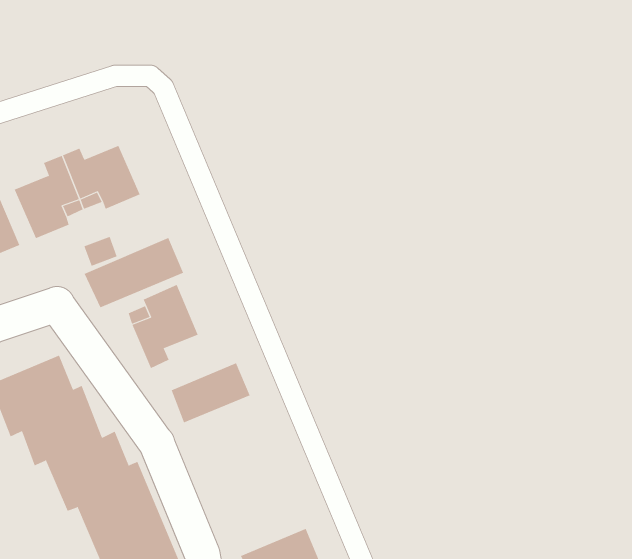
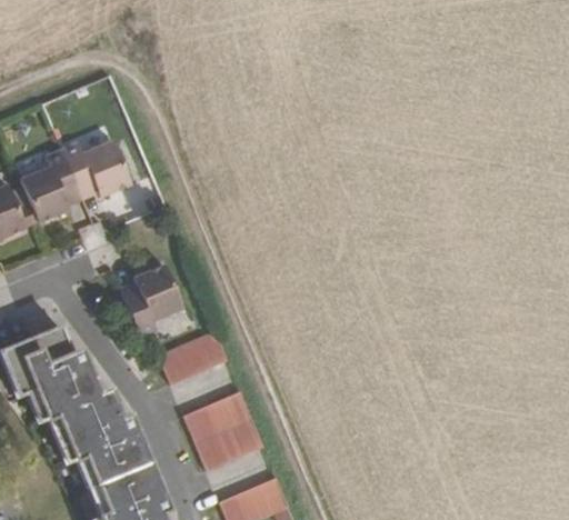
building: [84,237,184,308] -> none
building: none -> [184,391,266,471]

